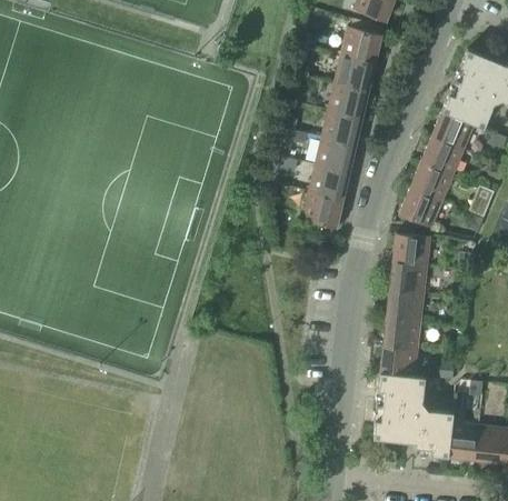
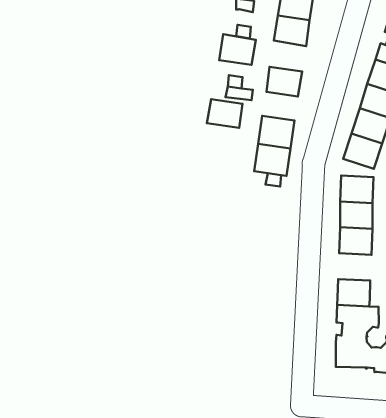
building: [328,82,369,118] -> [219,34,256,65]
building: [316,137,356,170] -> [207,99,243,128]
building: [384,317,421,349] -> none

